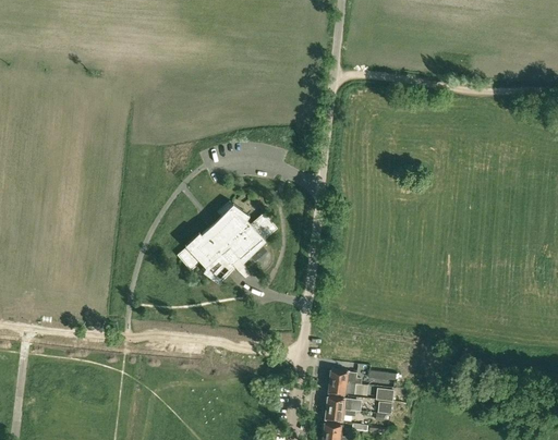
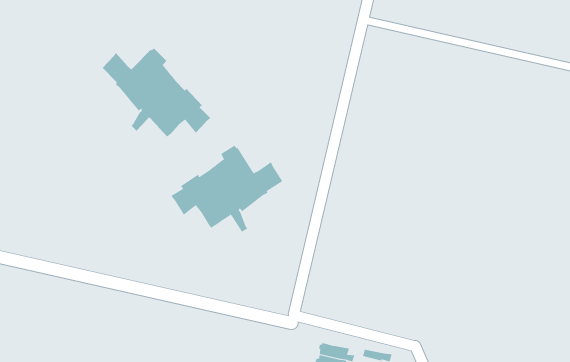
building: none -> [102,47,211,138]

